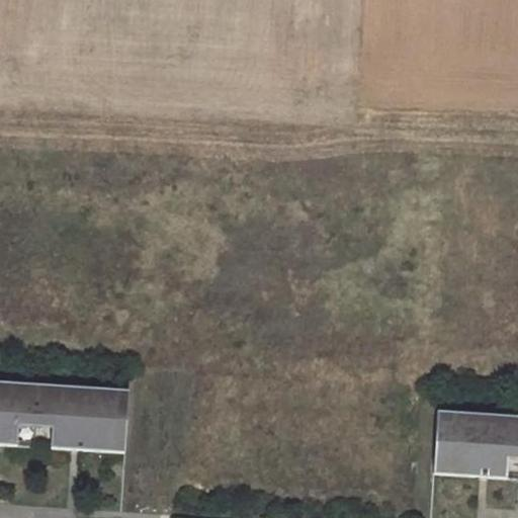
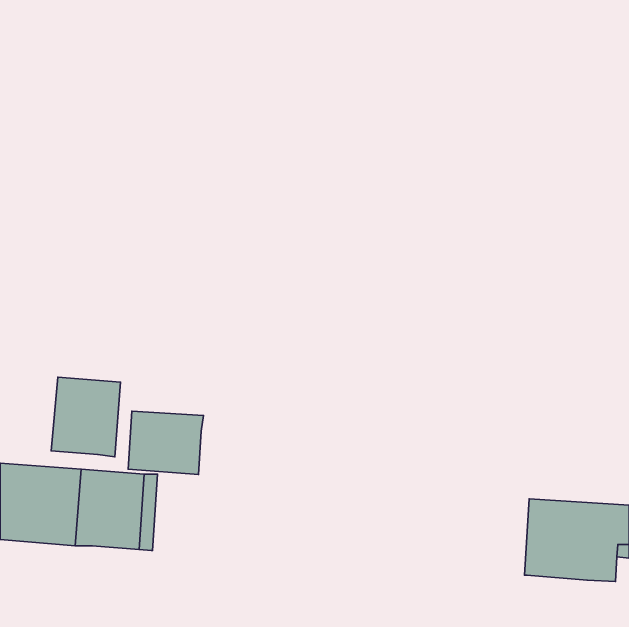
building: none -> [51,377,120,457]
building: none -> [128,411,204,475]

